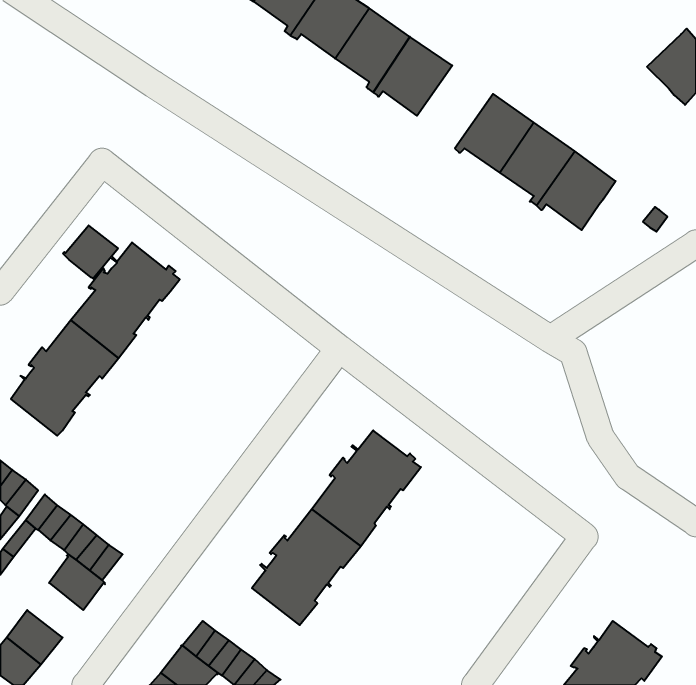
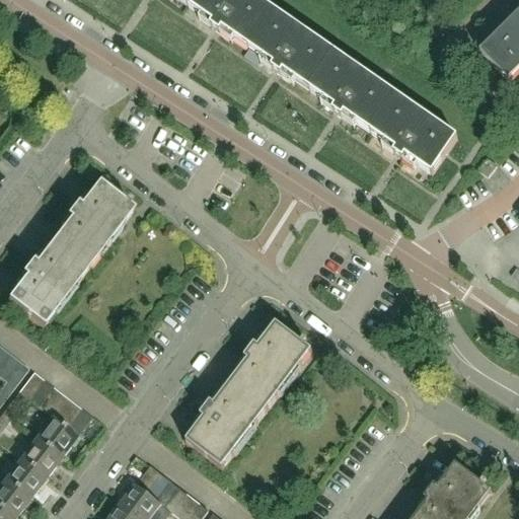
building: none -> [310,49,367,110]
building: [63,225,118,279] -> none
building: none -> [20,434,62,474]

